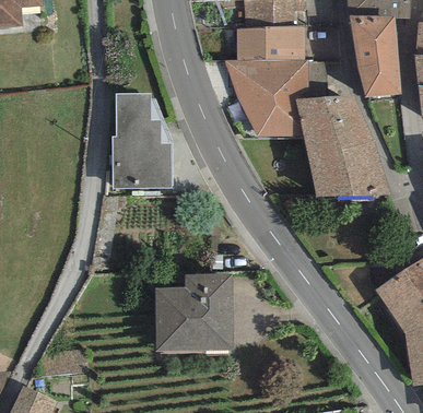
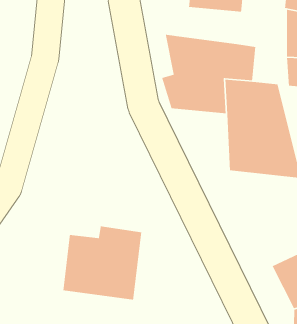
building: [237,25,305,60] -> none
building: [111,94,173,189] -> none

